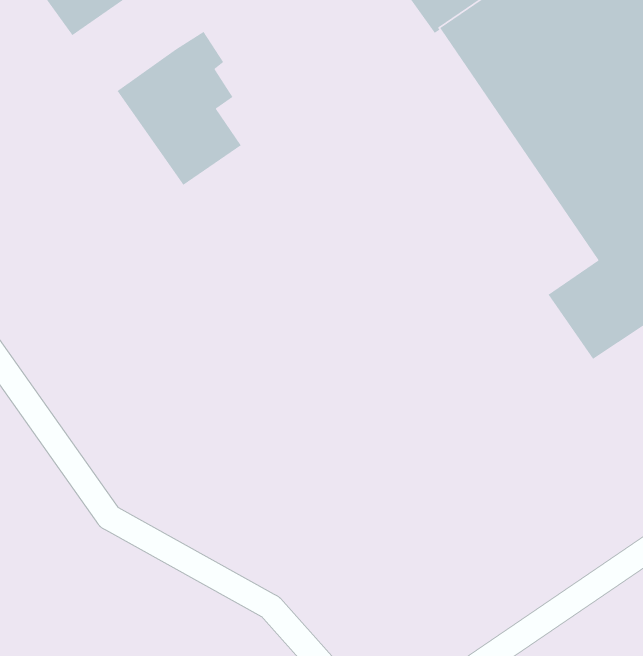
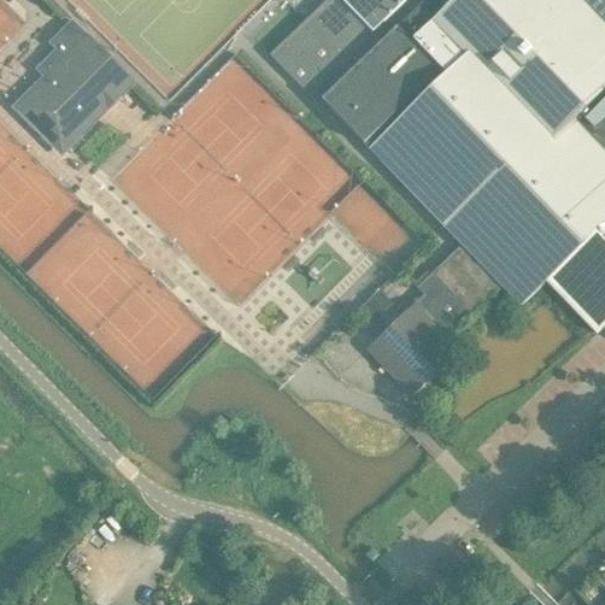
building: [117,31,242,186] -> none
building: none -> [368,274,470,394]

